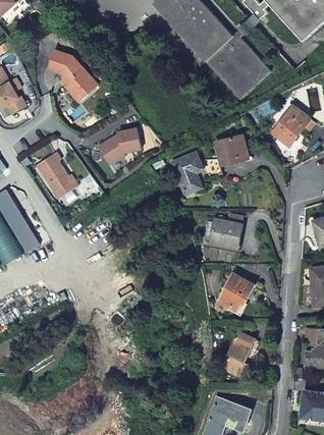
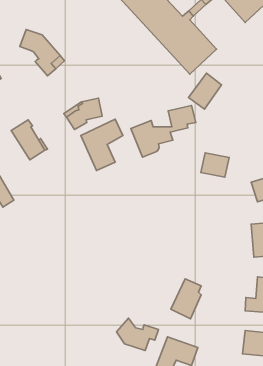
building: [271,105,309,146] -> [189,73,222,109]
building: none -> [81,119,123,170]
building: [209,221,241,249] -> [201,153,229,177]
building: [217,275,253,312] -> none
building: none -> [116,318,159,350]

